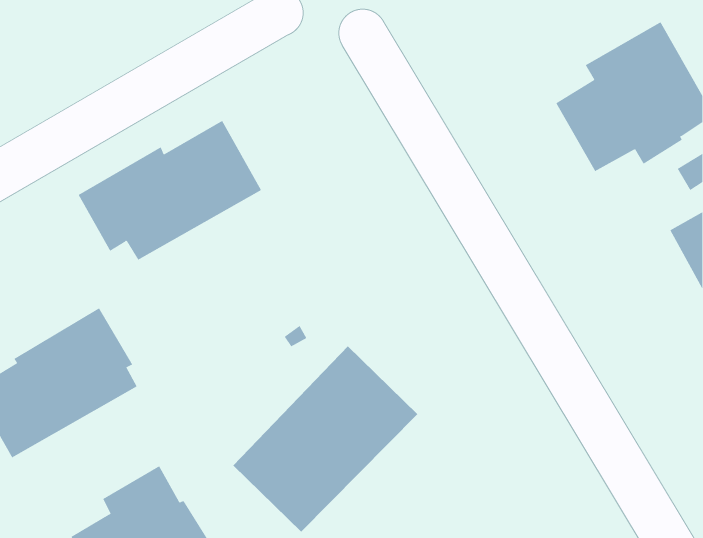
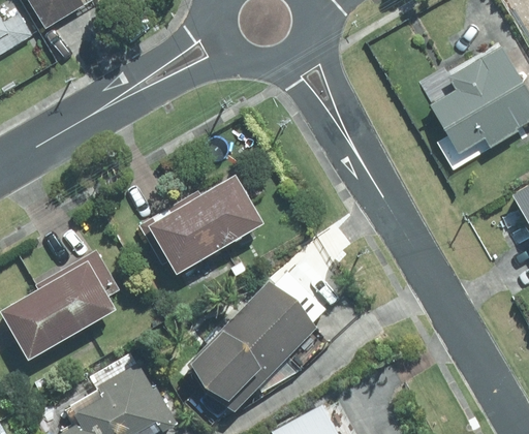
building: [78,120,262,260] -> [138,173,269,272]

